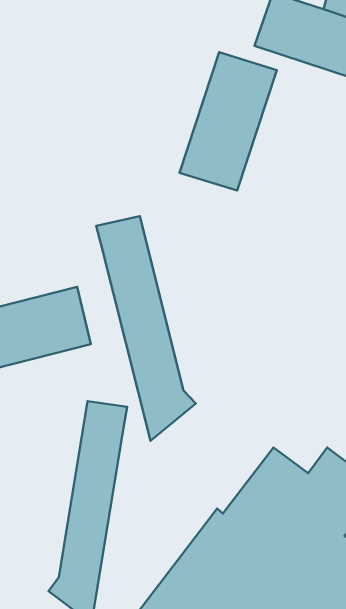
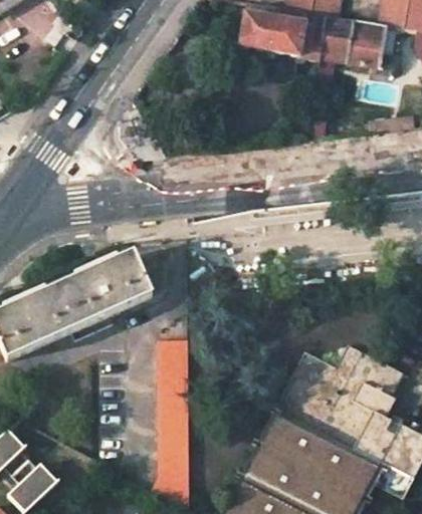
building: [180,52,277,191] -> none
building: [96,216,196,441] -> none

